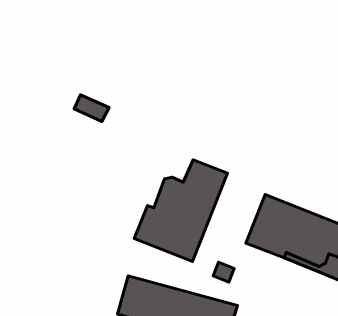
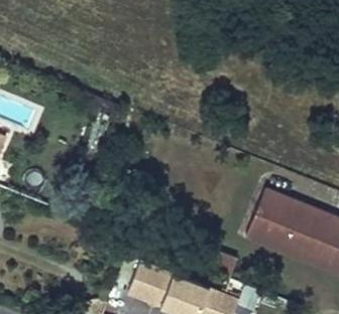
building: [134,160,227,262] -> none

